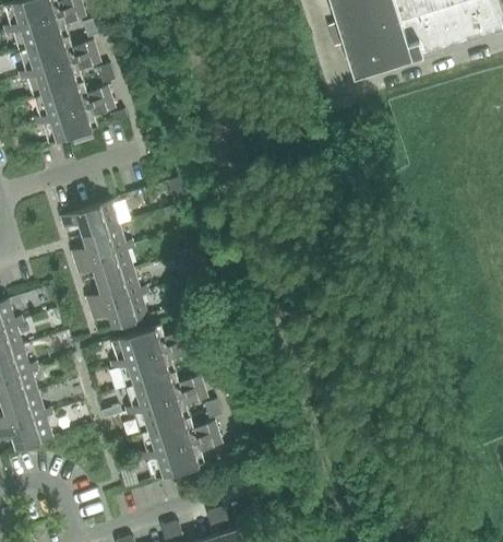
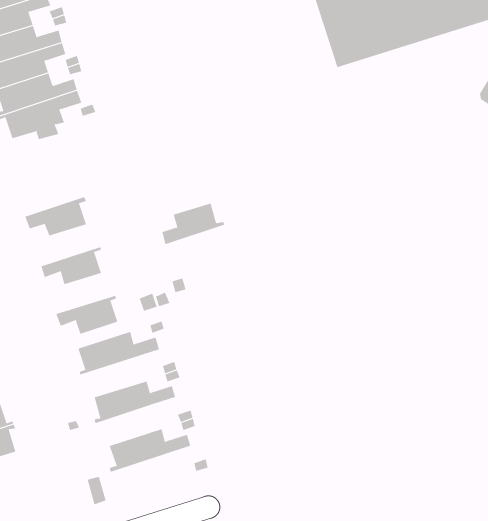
building: [72,224,132,263] -> [161,203,225,245]
building: [86,270,146,308] -> none
building: [112,342,192,387] -> none
building: [127,387,206,433] -> none
building: [141,433,221,480] -> none

